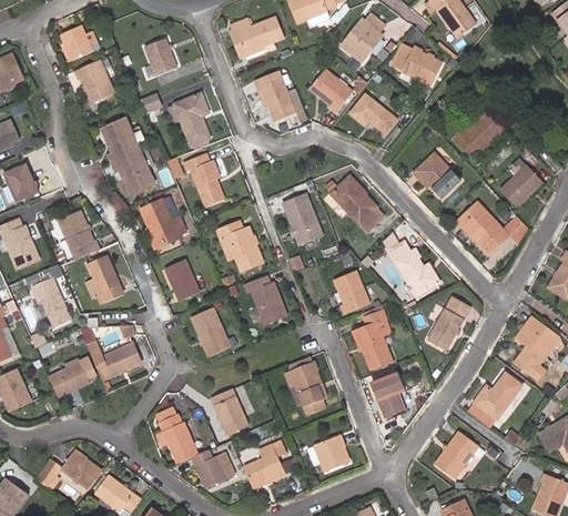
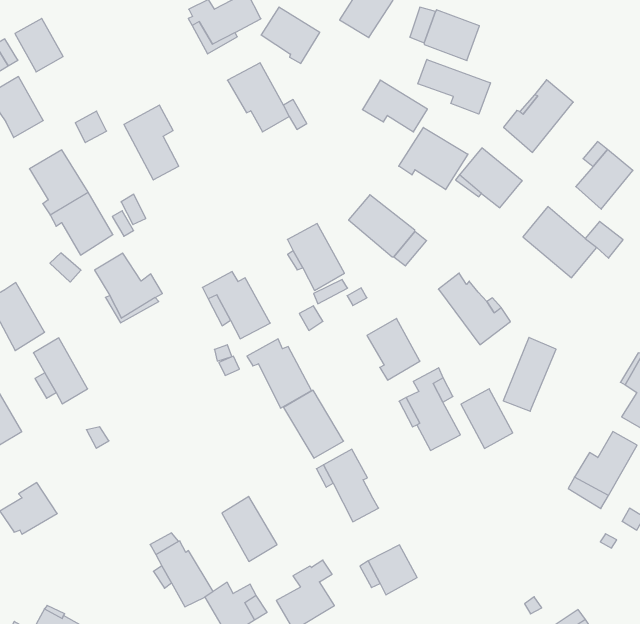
building: [143,38,176,77] -> [15,18,63,72]
building: [310,69,353,112] -> [261,7,320,63]
building: none -> [418,59,490,114]
building: none -> [399,127,468,190]
building: [183,152,224,206] -> none
building: [163,259,200,302] -> none
building: [190,307,231,357] -> [284,390,344,458]
building: [79,326,141,381] -> none
building: [371,374,406,417] -> [461,389,513,448]
building: [434,431,478,478] -> none

